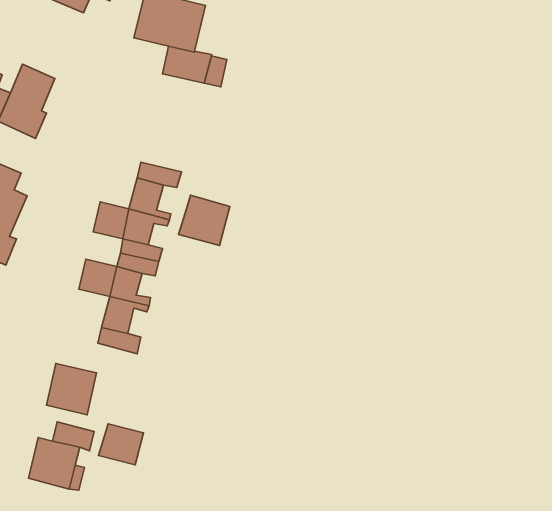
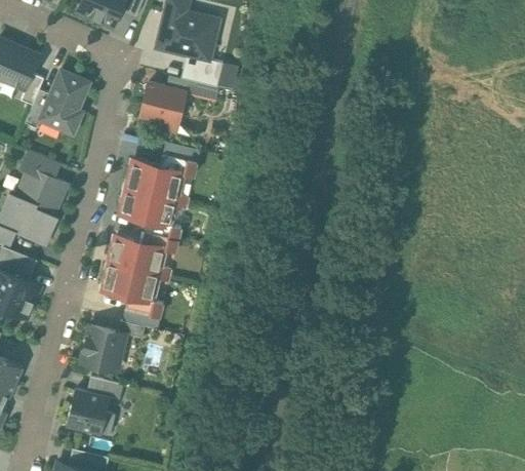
building: none -> [142,82,186,131]
building: none -> [128,161,160,194]
building: [179,195,230,246] -> none
building: none -> [104,263,136,296]
building: [99,424,143,465] -> none

